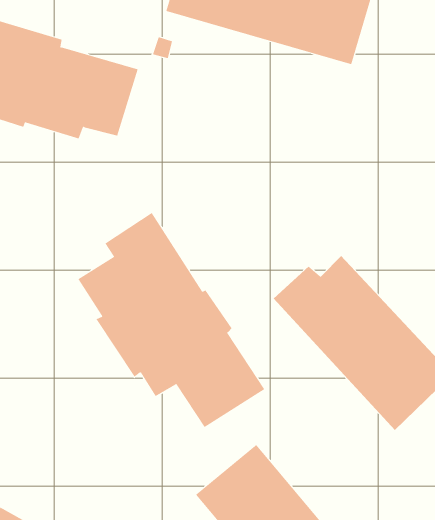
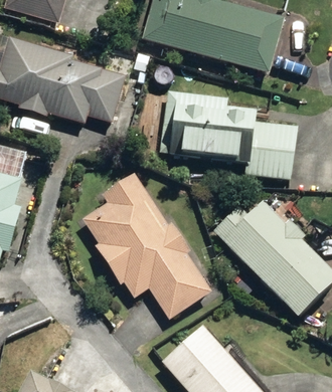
building: none -> [162,90,297,179]

